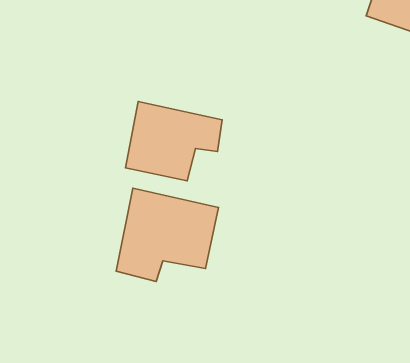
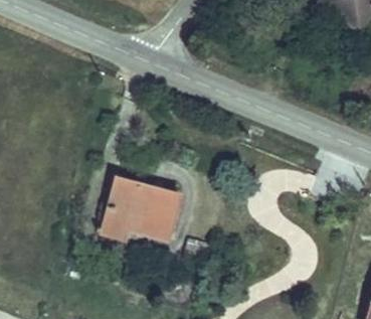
building: [125,101,222,181] -> none

